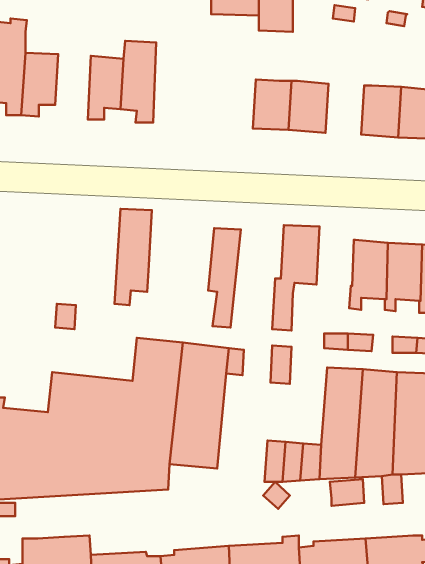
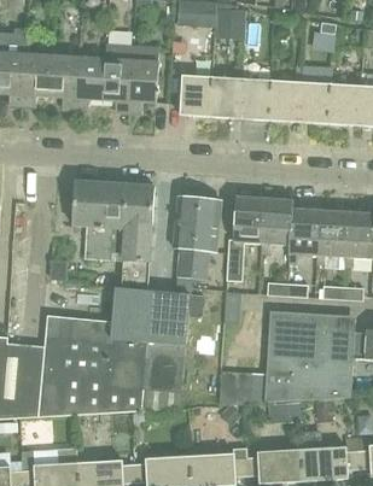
building: none -> [129,46,159,112]
building: none -> [49,55,78,109]
building: none -> [180,74,212,116]
building: none -> [269,80,301,121]
building: none -> [72,178,103,258]
building: none -> [123,182,155,260]
building: none -> [261,195,293,251]
building: none -> [192,198,221,279]

